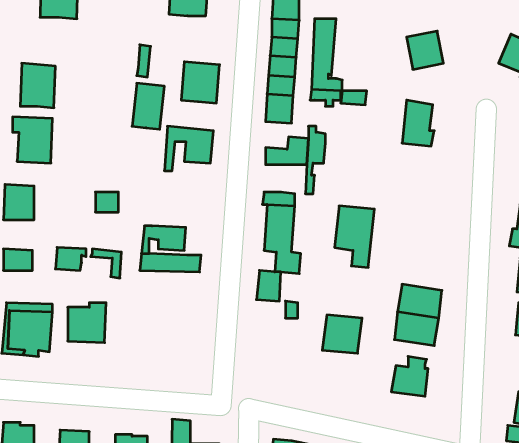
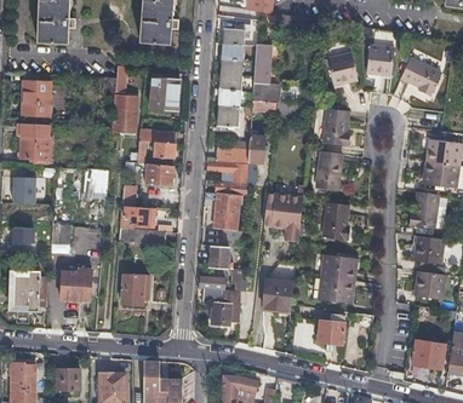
building: none -> [368,47,394,75]
building: none -> [318,150,342,190]
building: none -> [206,162,247,183]
building: none -> [145,165,172,186]
building: none -> [324,201,350,238]
building: none -> [121,276,147,306]
building: none -> [202,286,241,324]

